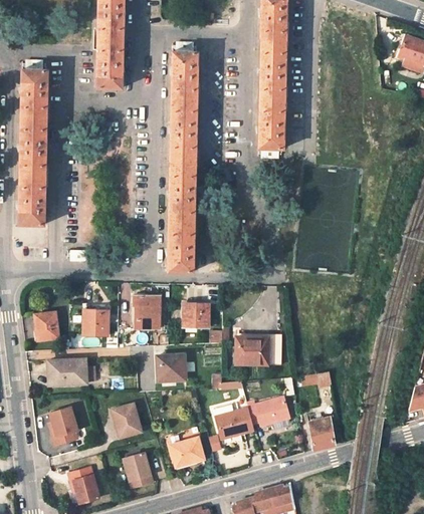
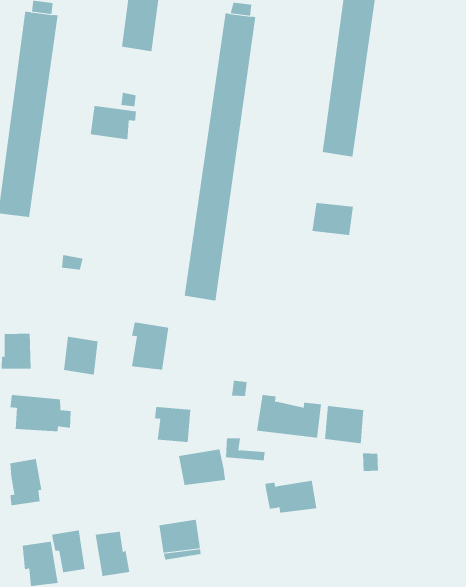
building: none -> [90,105,136,140]
building: none -> [312,202,354,236]
building: [184,303,209,328] -> none
building: none -> [325,405,364,444]
building: [112,405,141,439] -> [51,530,85,573]
building: [216,409,254,440] -> [178,449,226,486]
building: [308,416,336,450] -> none

